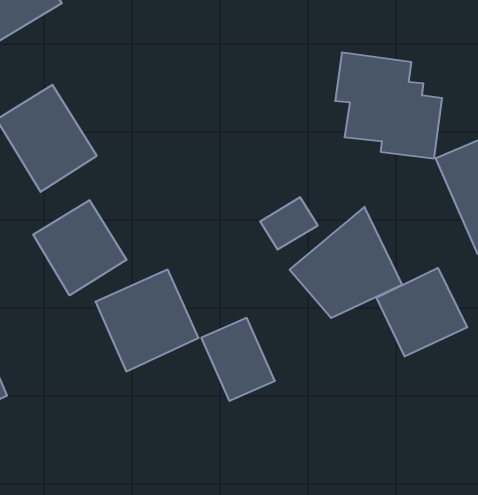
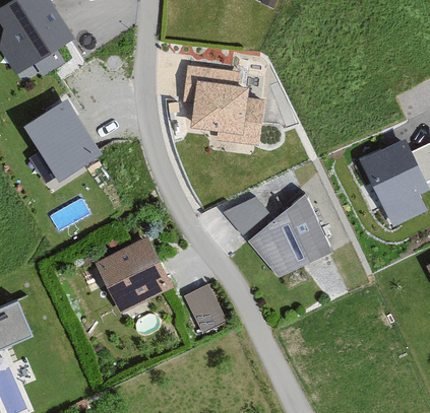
building: [335,53,442,158] -> [183,64,264,144]
building: [33,200,127,295] -> none
building: [376,268,467,357] -> none

